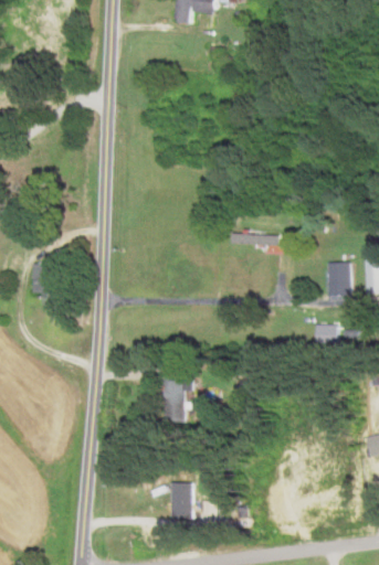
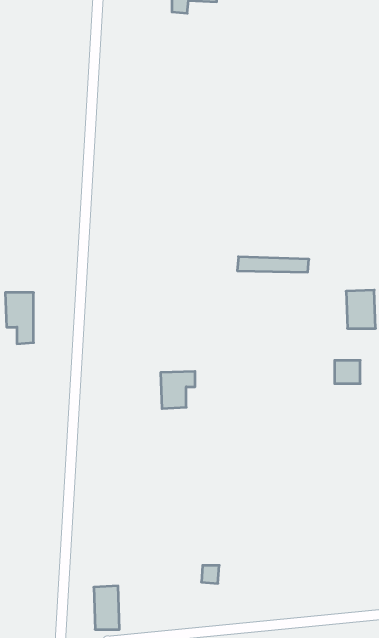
building: [164,377,193,409] -> [161,371,195,409]
building: [170,481,192,519] -> [94,586,119,629]

